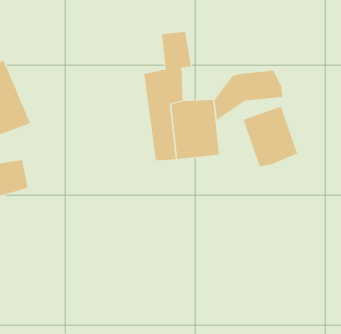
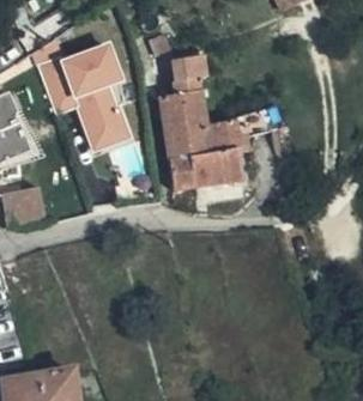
building: none -> [32,44,121,148]
building: [243,106,298,167] -> none

